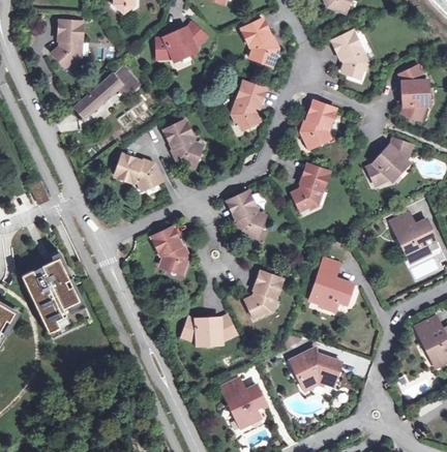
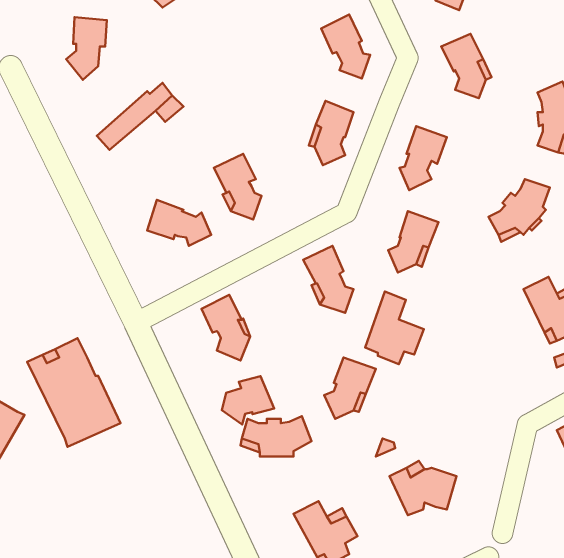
building: [154,23,205,61] -> none
building: [310,257,354,310] -> [365,292,424,364]
building: none -> [222,376,274,425]

